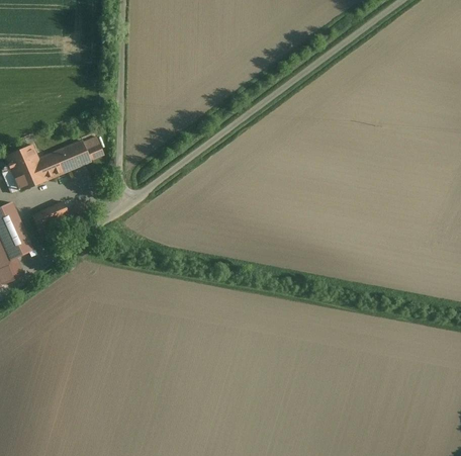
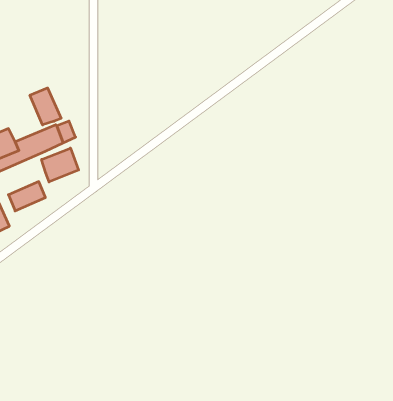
building: none -> [30,88,61,125]
building: none -> [42,148,79,182]

